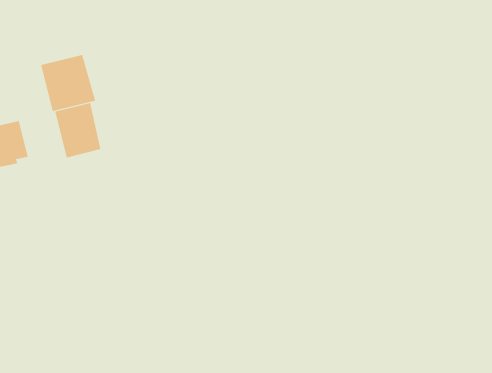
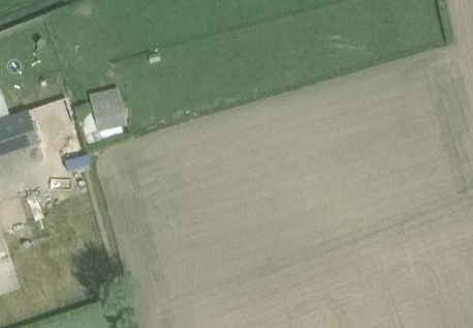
building: [41,54,96,112] -> none

